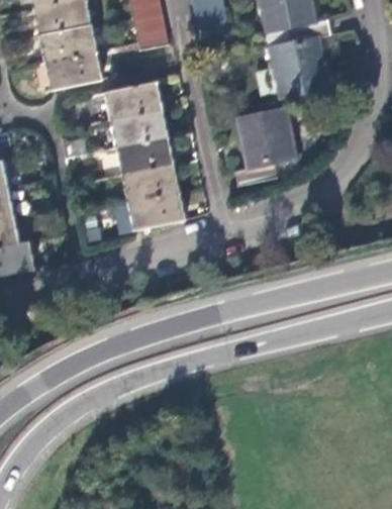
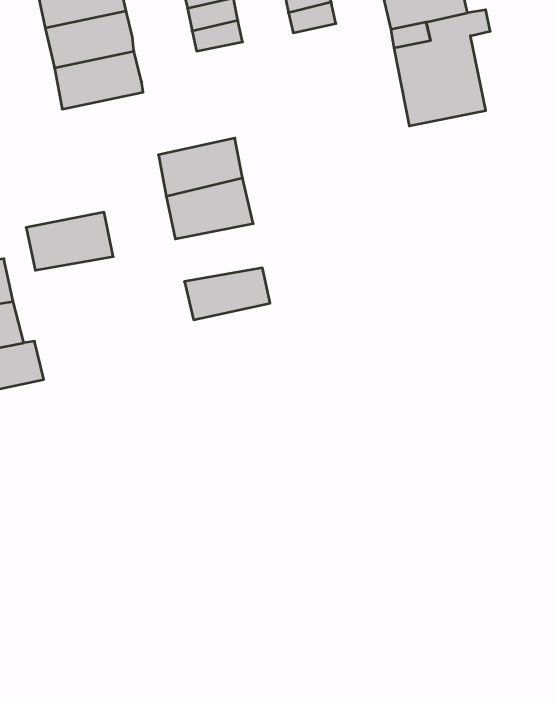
building: [104,80,162,118] -> none
building: [235,107,297,185] -> none
building: [122,164,180,202] -> [26,212,113,270]

